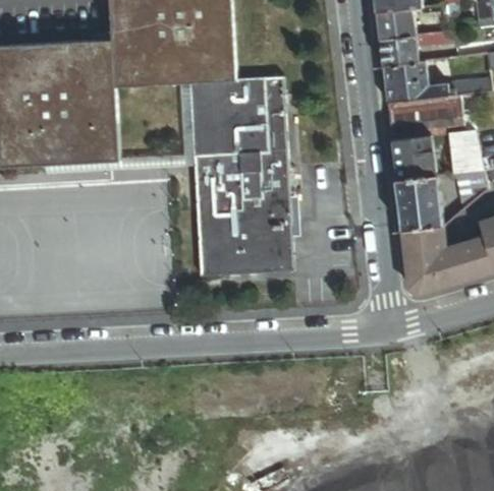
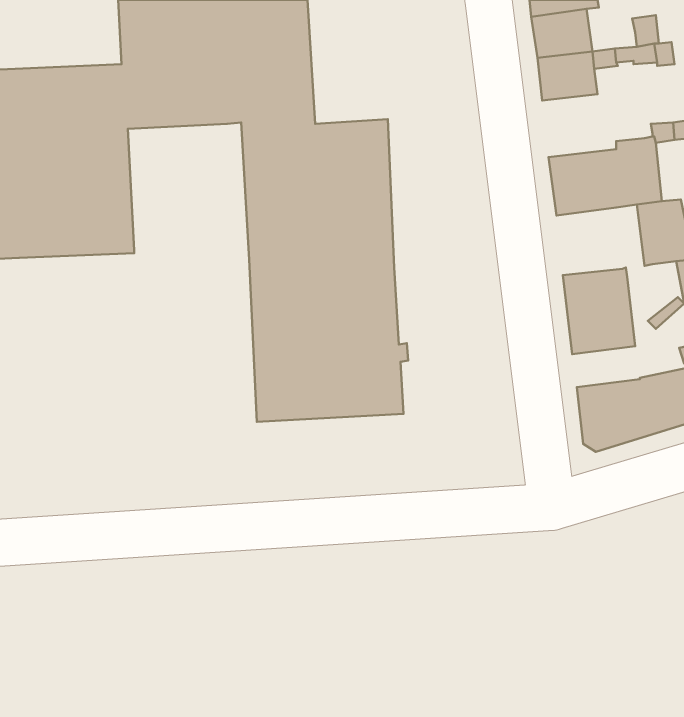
building: [383,60,449,102] -> none
building: [392,134,435,178] -> none
building: [402,224,446,250] -> none

